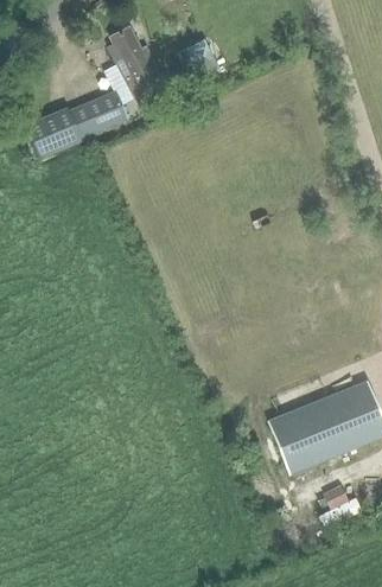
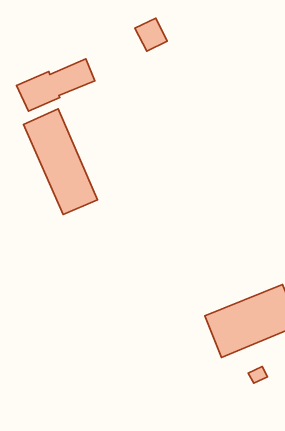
building: [109,27,163,95] -> none
building: none -> [23,109,98,215]

